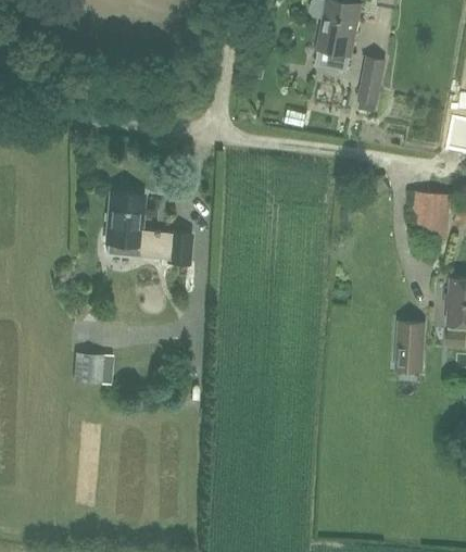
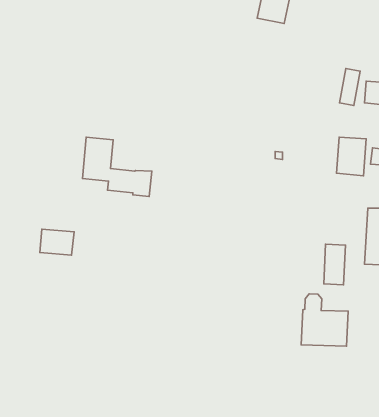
building: [360,58,385,102] -> [339,69,360,105]
building: [73,352,114,384] -> [40,229,74,255]
building: none -> [301,294,348,346]

